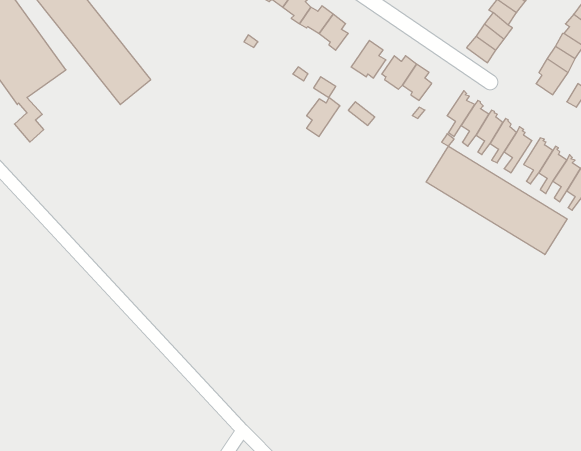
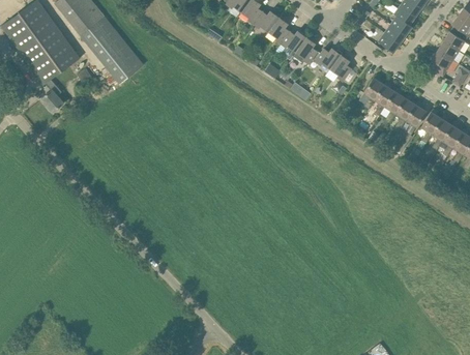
building: [307,98,340,137] -> [280,30,304,59]
building: [426,146,567,255] -> none

